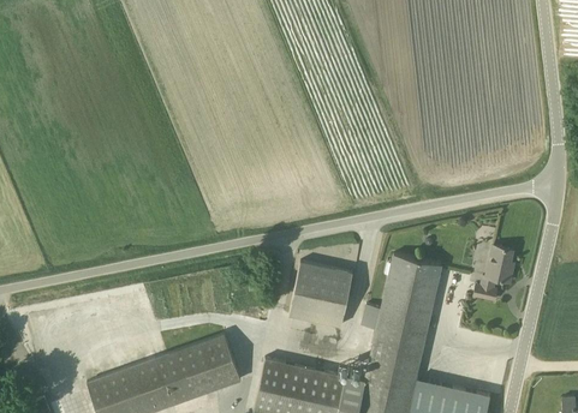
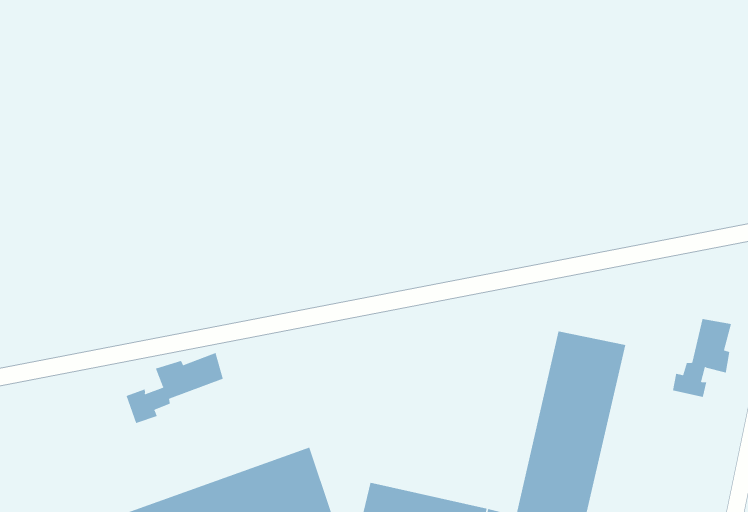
building: [288,263,352,328] -> none
building: none -> [126,352,224,424]

